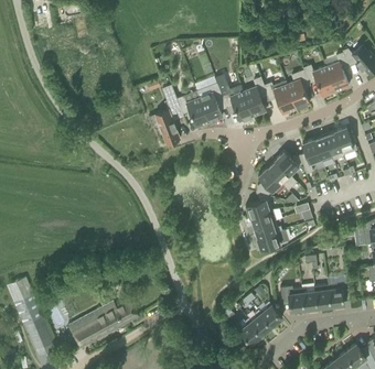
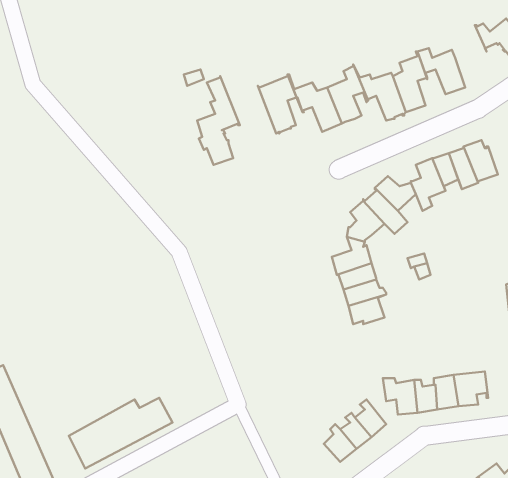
building: [326,50,350,91] -> none
building: [171,84,208,127] -> none

